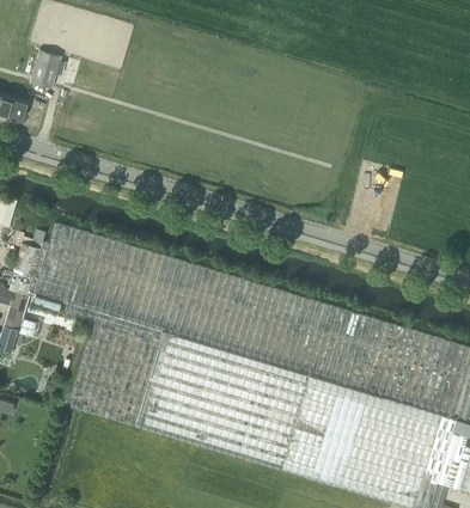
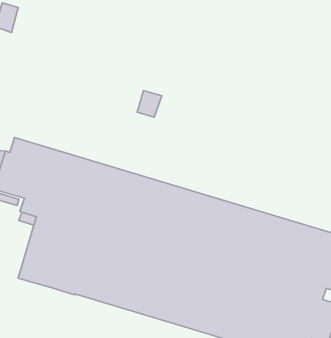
building: none -> [137,91,162,117]

